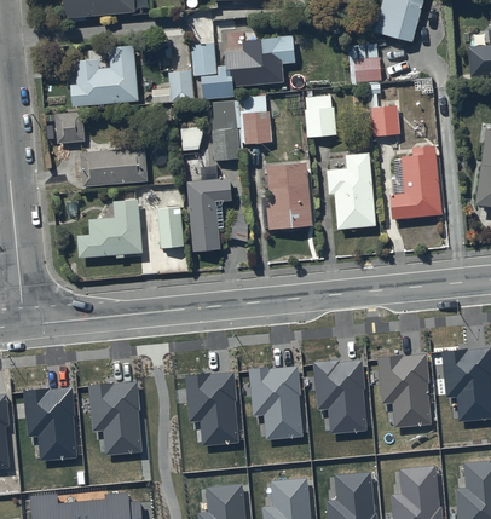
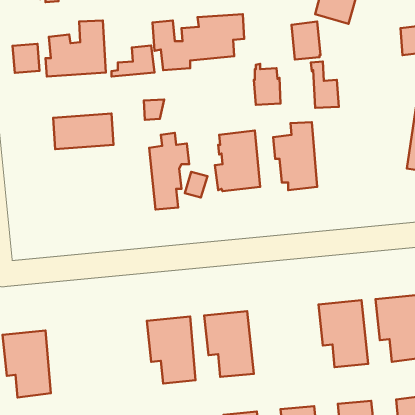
building: [210,87,271,157] -> none
building: [53,109,83,142] -> [13,44,40,73]
building: [389,149,441,220] -> none
building: [76,201,140,260] -> none
building: [155,207,183,247] -> none
building: [312,359,366,433] -> none
building: [87,381,141,456] -> none

